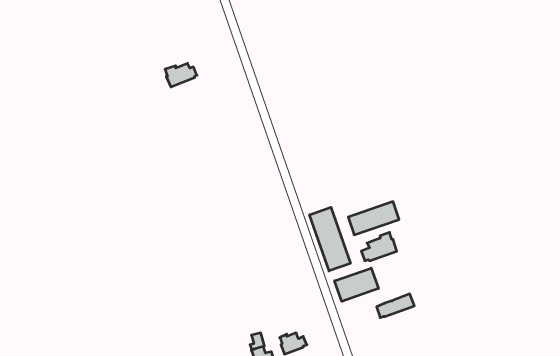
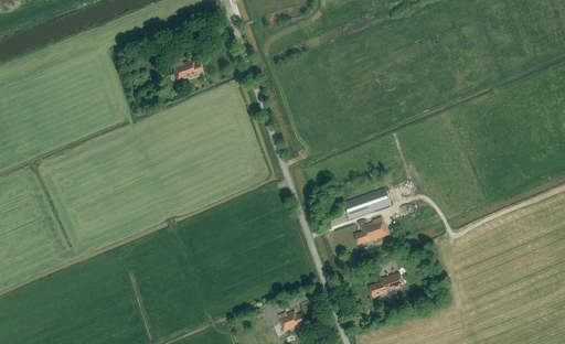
building: [310,207,350,271] -> none
building: [335,268,378,301] -> none

